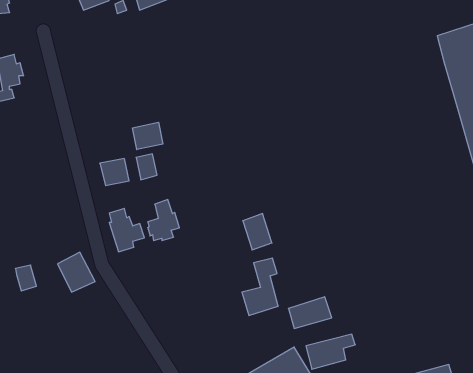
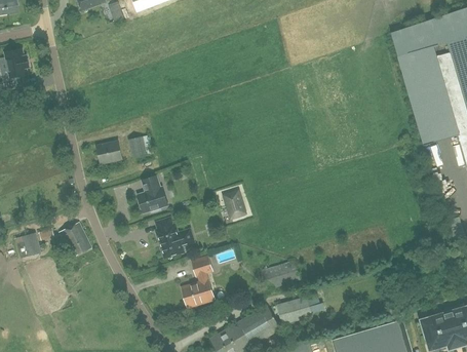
building: [133,122,163,150] -> none
building: [109,208,144,252] -> [157,218,188,256]
building: [242,258,278,315] -> [182,257,213,307]

